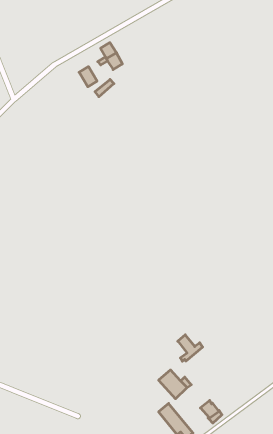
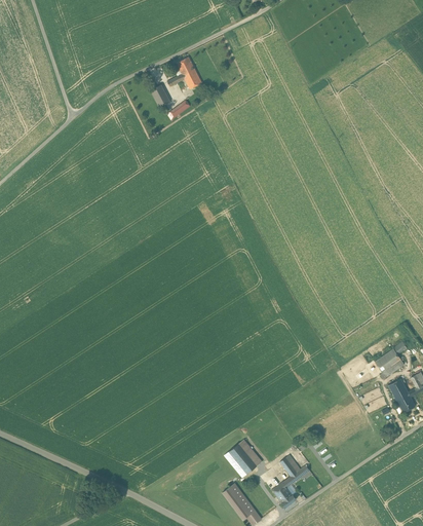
building: [178,335,203,361] -> [281,454,310,485]

